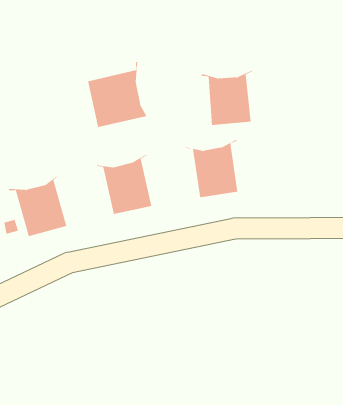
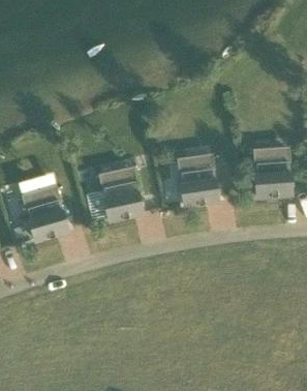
building: [87,61,151,128] -> none
building: [201,70,254,125] -> [244,142,290,190]

